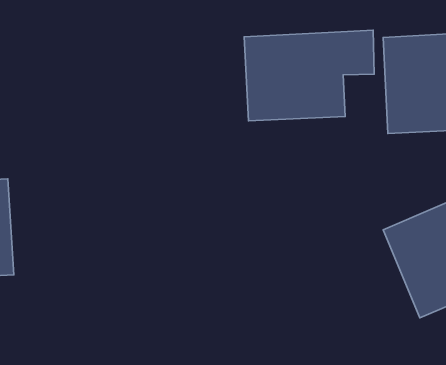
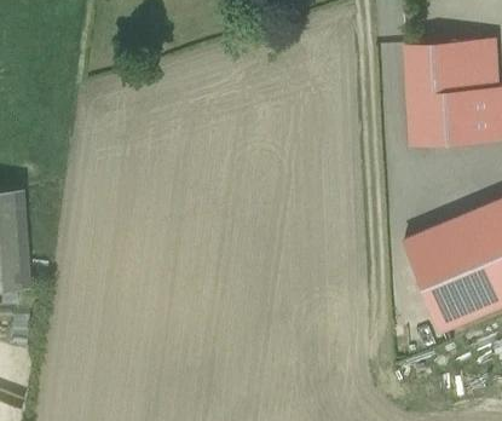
building: [244,30,374,121] -> none

